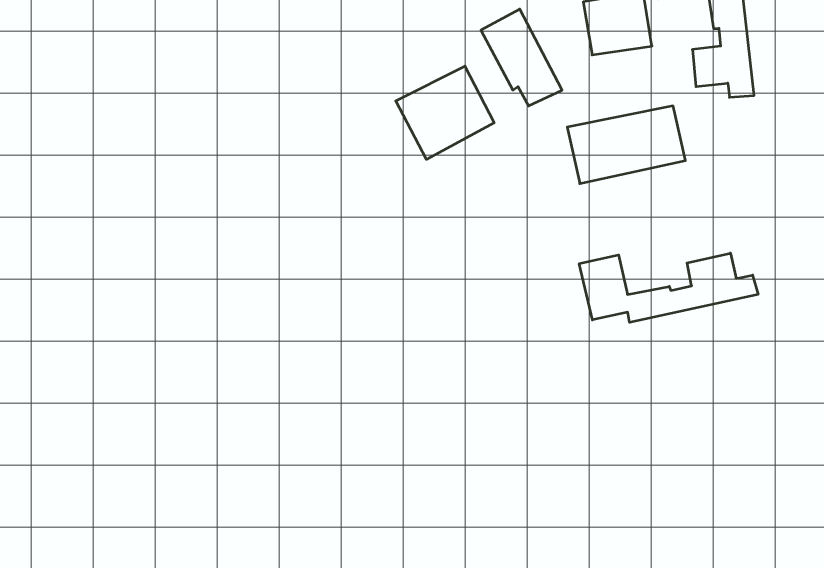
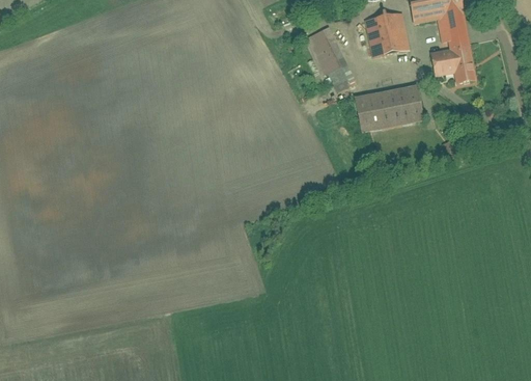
building: [396,66,494,159] -> none
building: [579,253,758,322] -> none

